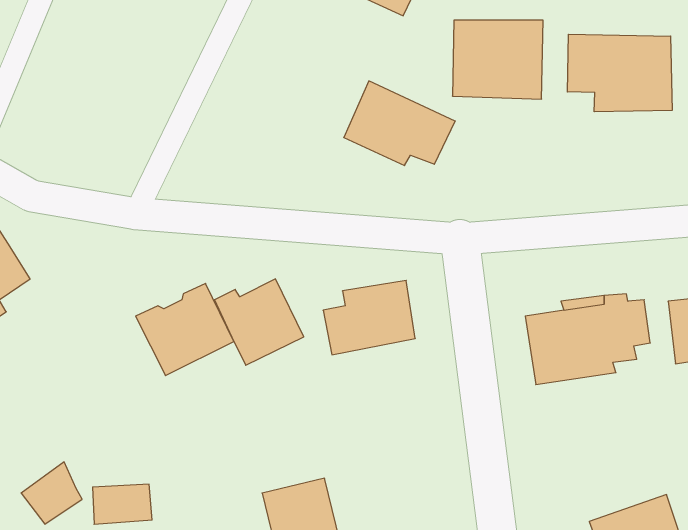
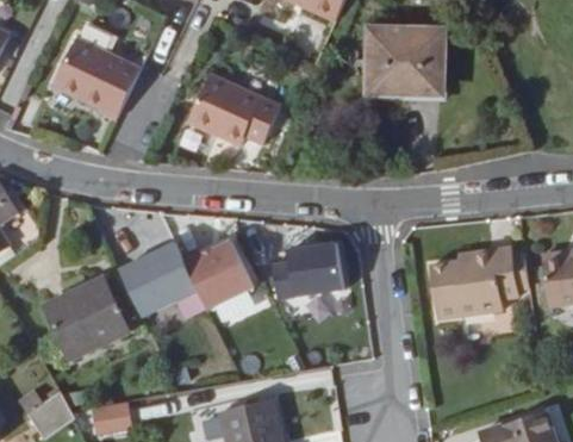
building: none -> [54,41,139,119]
building: [567,34,672,112] -> none
building: [344,81,455,166] -> [189,75,279,143]
building: none -> [43,275,131,362]

